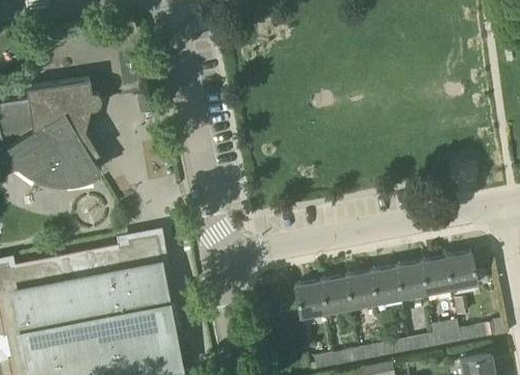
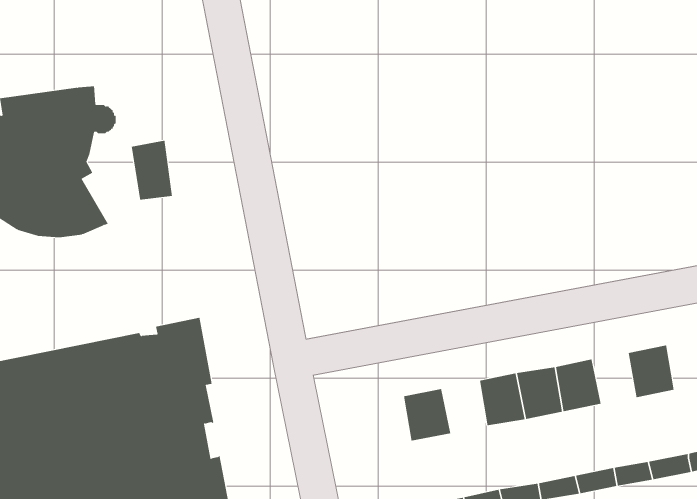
building: none -> [131,140,173,201]
building: [422,258,451,292] -> none
building: [321,276,352,312] -> none

